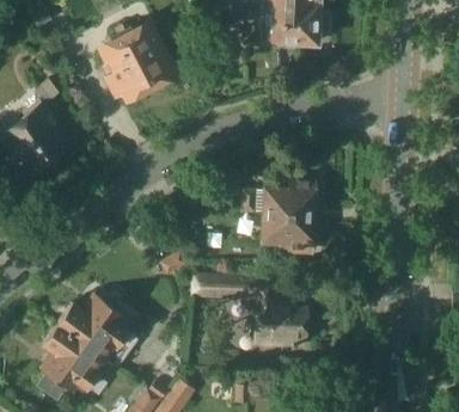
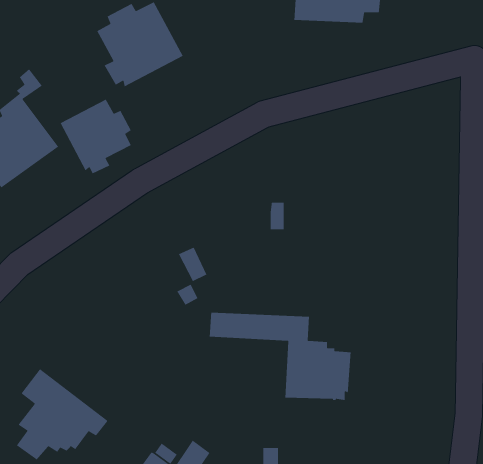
building: none -> [59,99,132,175]
building: [263,177,314,252] -> none
building: [57,294,139,369] -> none

